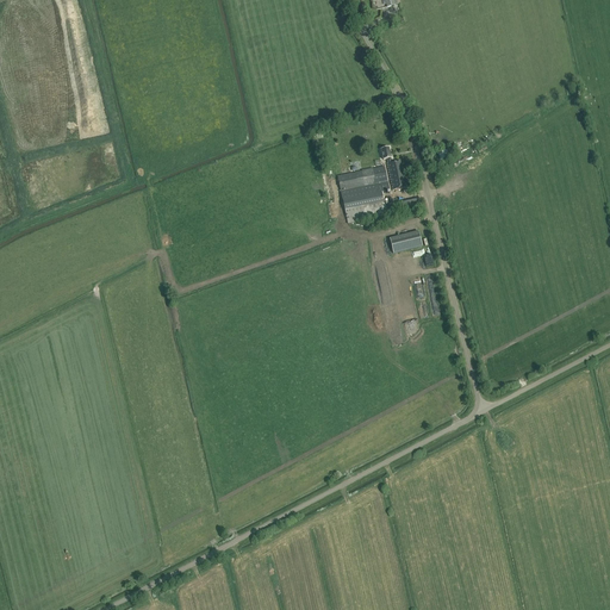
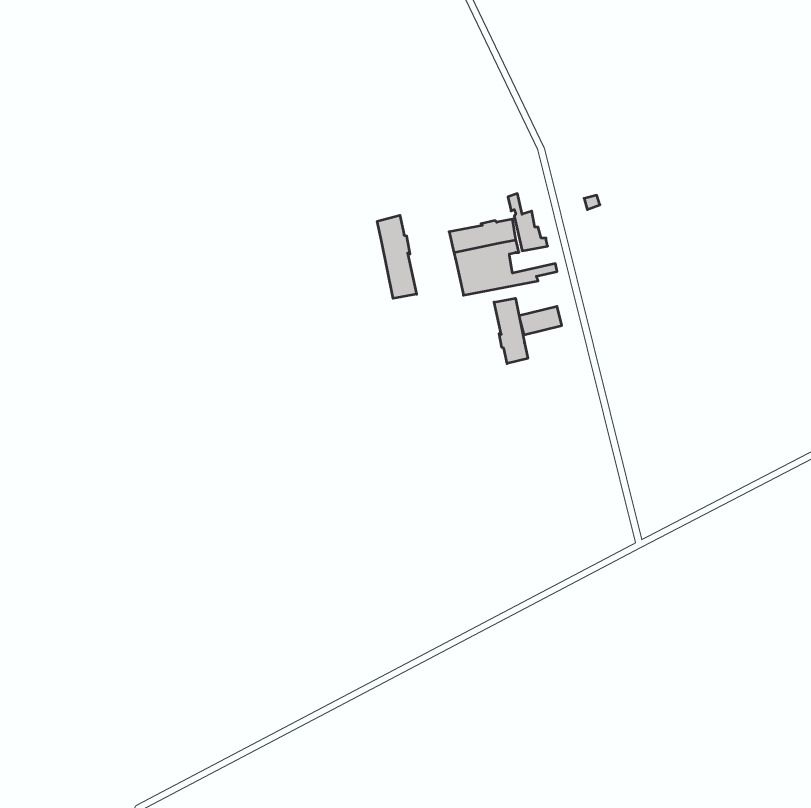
building: none -> [377,215,417,298]
building: none -> [494,298,528,364]

